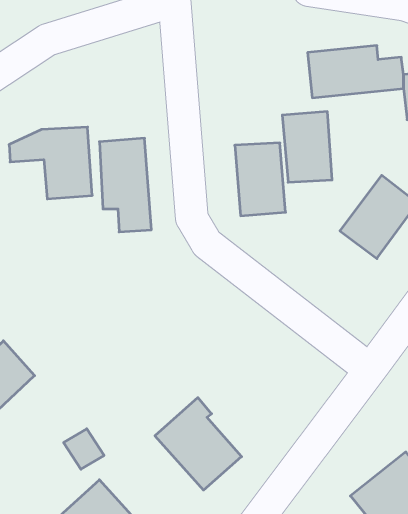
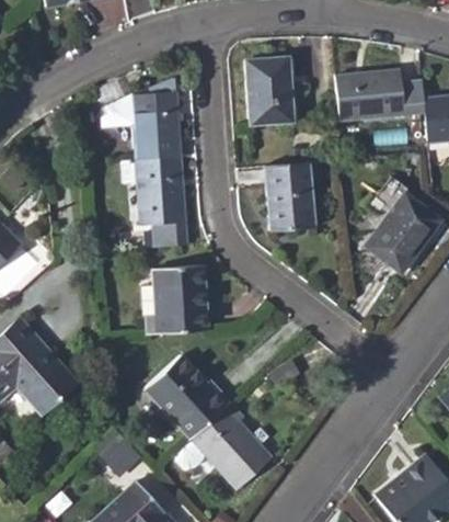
building: [282,112,332,182] -> [245,56,292,123]
building: [9,127,92,199] -> [101,92,180,160]
building: none -> [147,265,206,334]
building: none -> [145,356,230,439]

